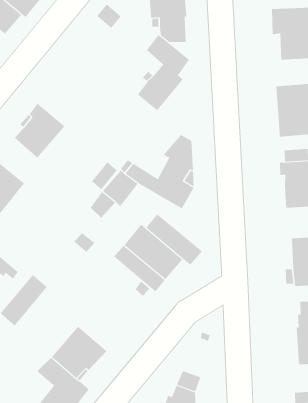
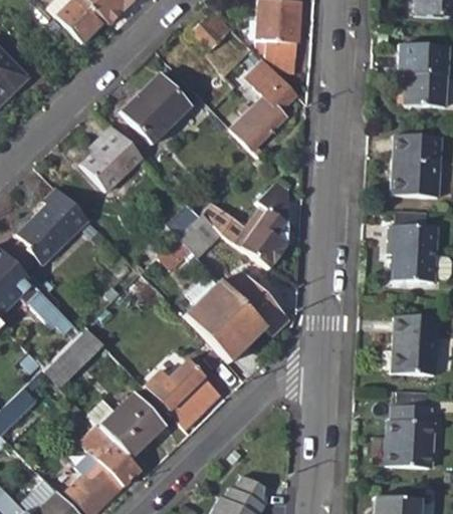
building: none -> [121,73,190,144]
building: none -> [147,352,221,430]

